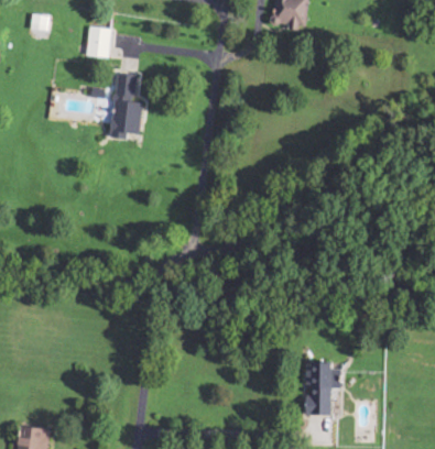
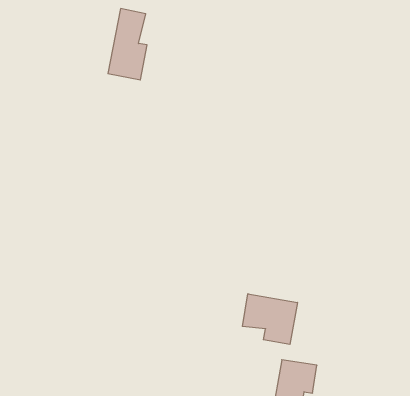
building: none -> [242,294,297,344]

